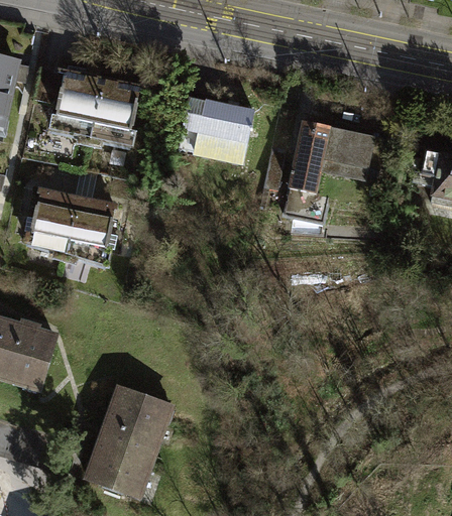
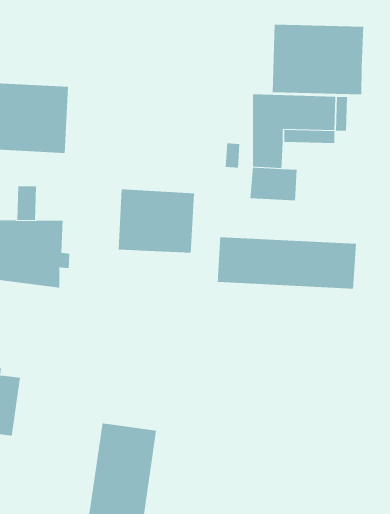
building: none -> [272,24,364,95]
building: [177,94,253,161] -> [118,189,195,253]
building: none -> [217,236,356,289]

